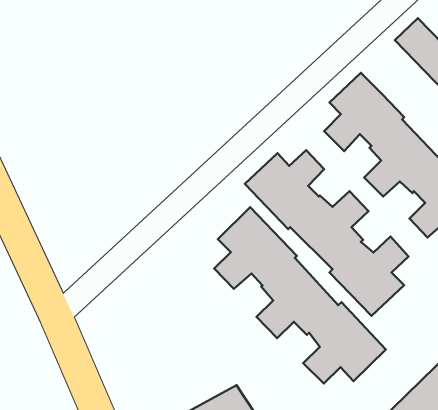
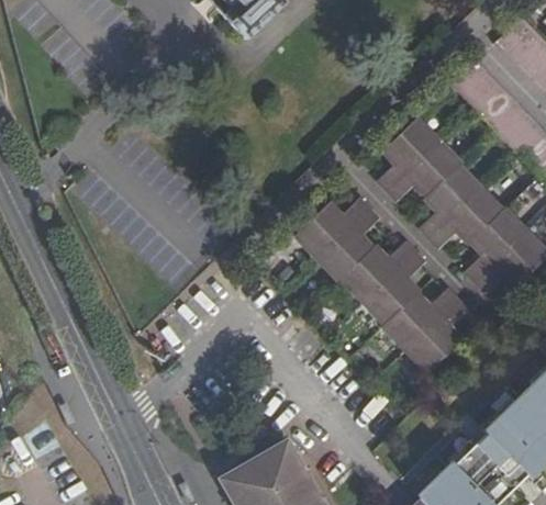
building: [214,207,386,384] -> none

